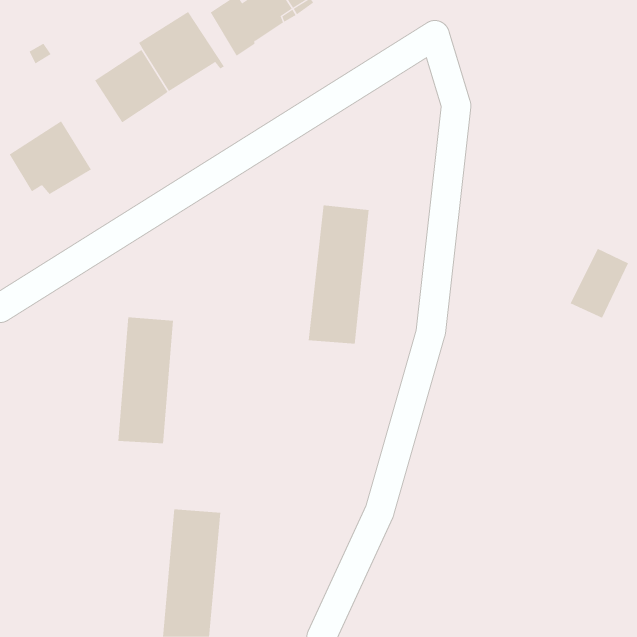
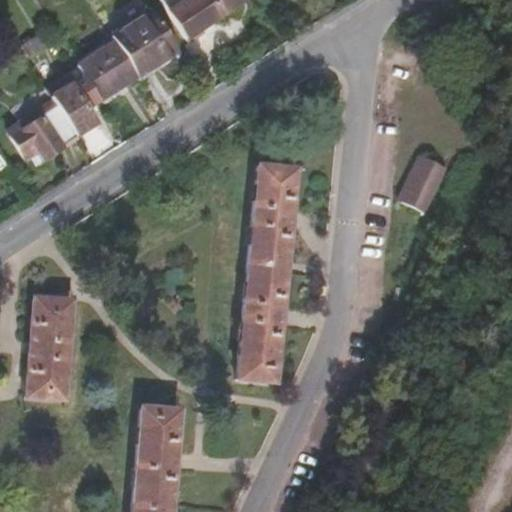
building: none -> [52,80,99,135]
building: [570,248,629,318] -> [400,155,447,211]
building: [117,317,174,444] -> [28,295,73,396]
building: none -> [238,271,287,380]

